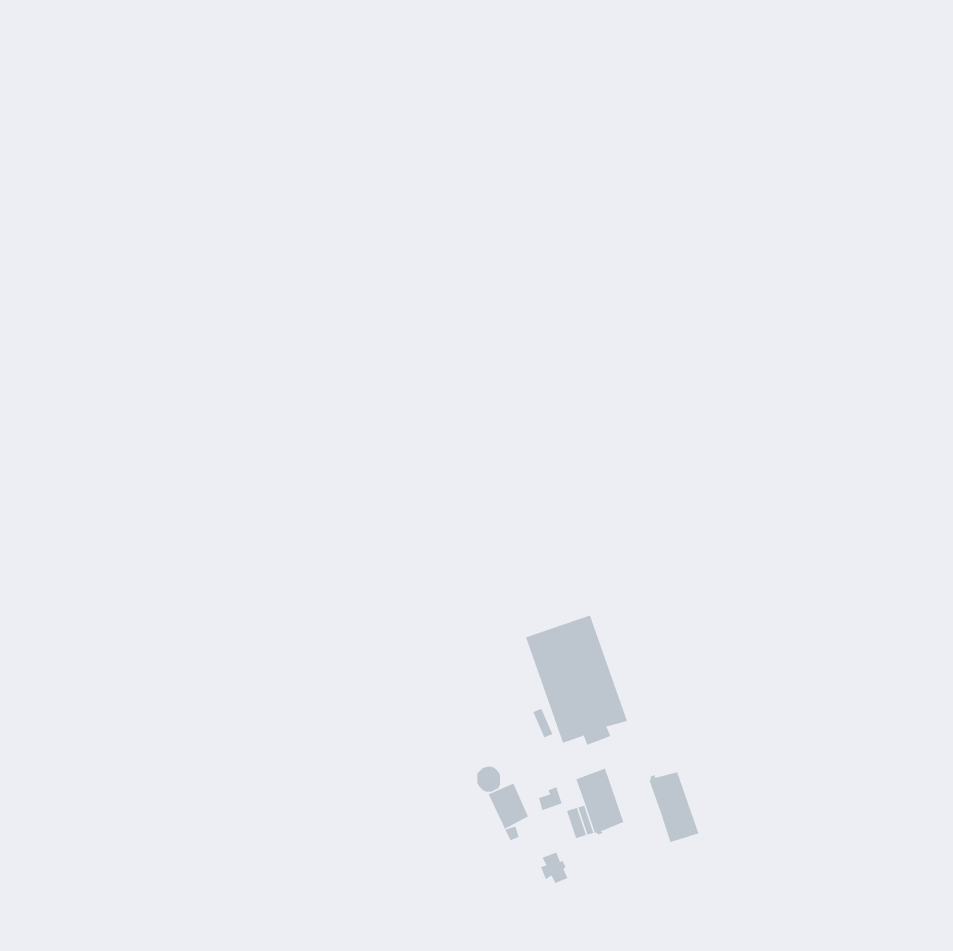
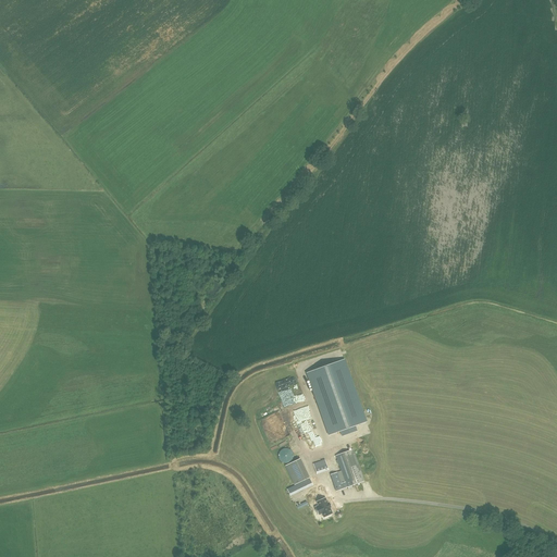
building: [649,771,699,843] -> none

